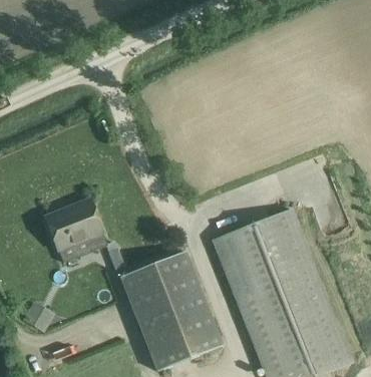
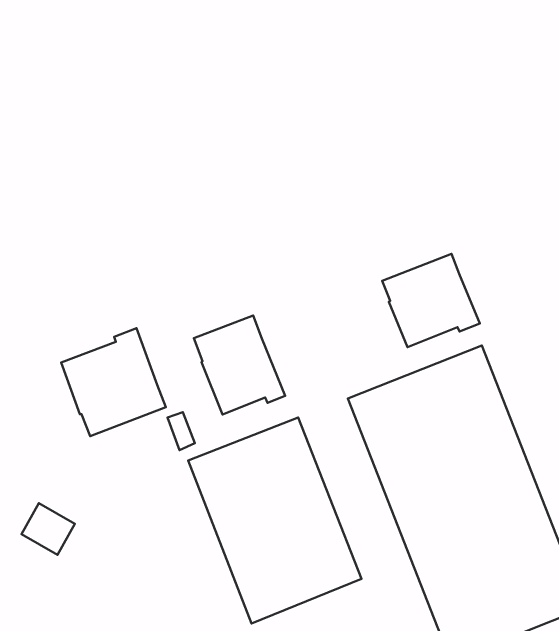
building: none -> [382,254,480,347]
building: none -> [194,316,285,415]

